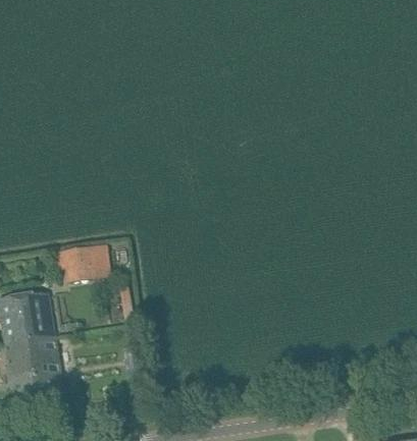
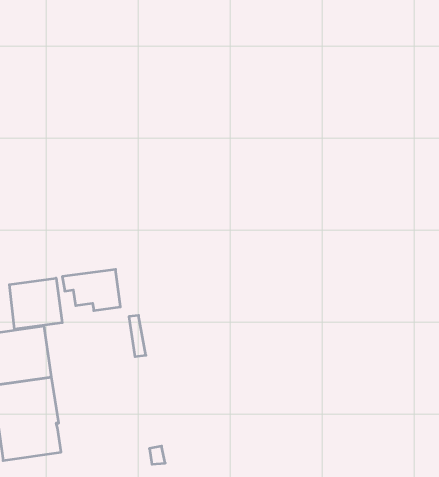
building: none -> [9,278,62,329]

